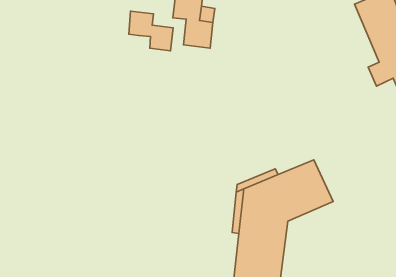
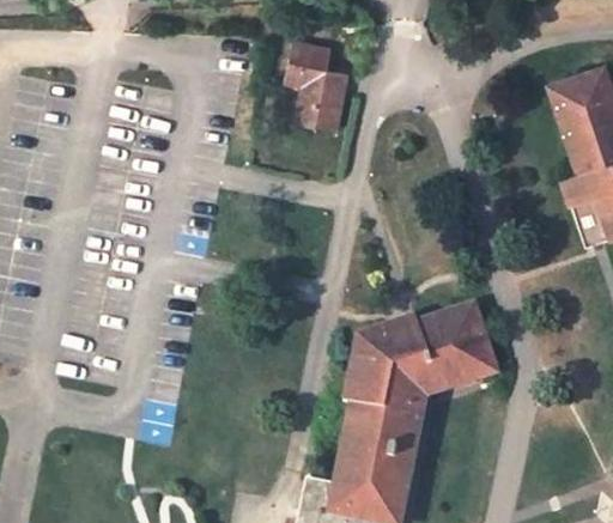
building: [129,11,173,51] -> none

